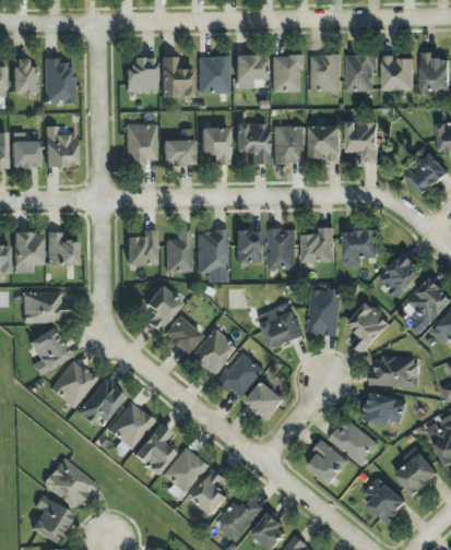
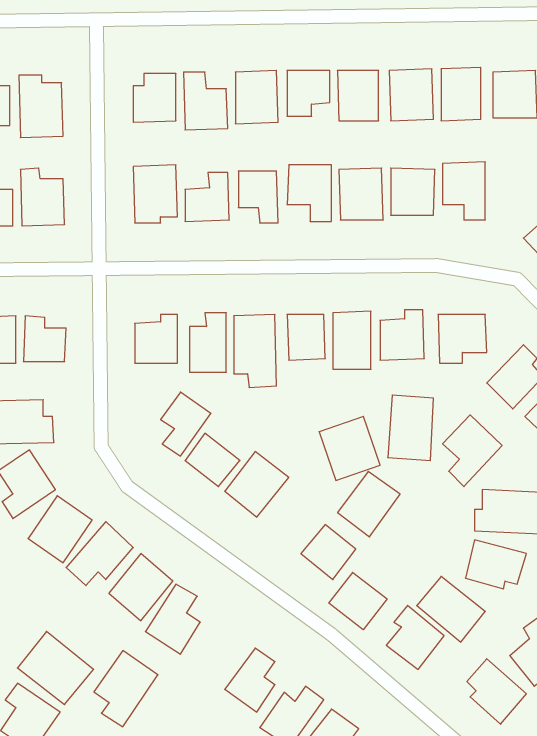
building: [219,351,264,398] -> [338,471,400,537]
building: none -> [329,572,387,630]
building: [163,446,209,501] -> [94,651,158,727]

